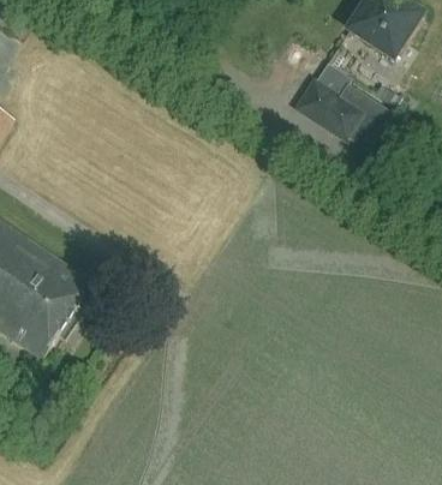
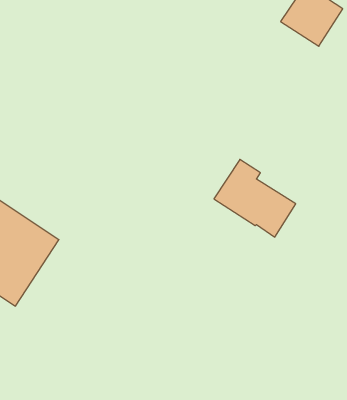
building: [297,62,392,152] -> [214,159,296,237]

